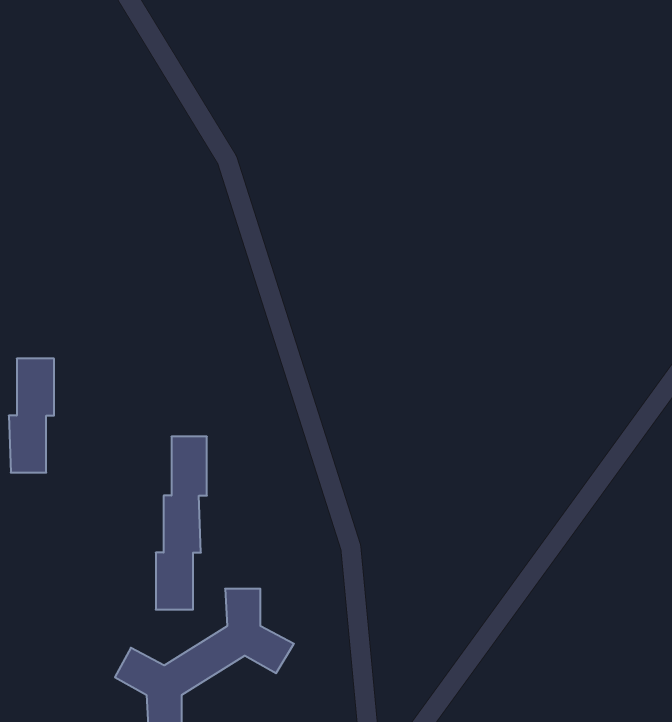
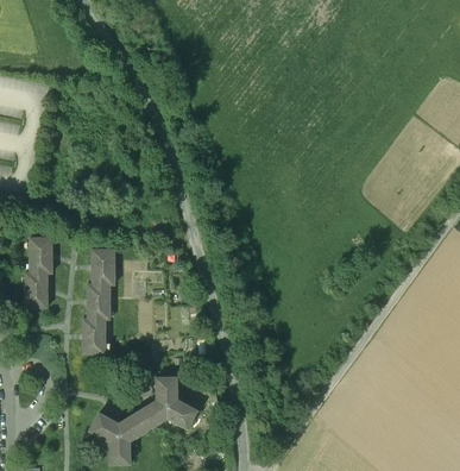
building: [156,437,207,610] -> [82,249,113,353]

